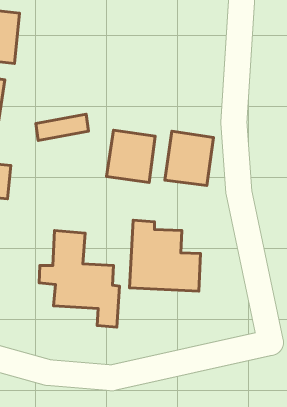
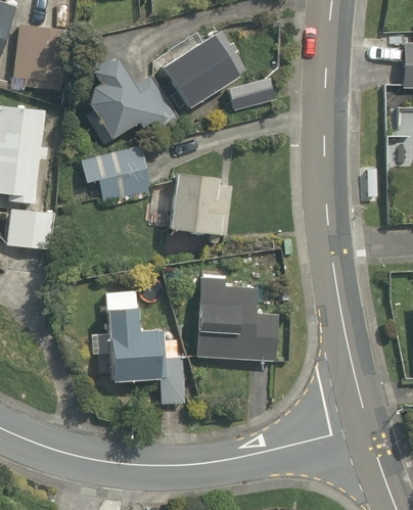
building: none -> [163,31,278,115]
building: none -> [86,62,177,143]
building: [165,131,213,186] -> none

